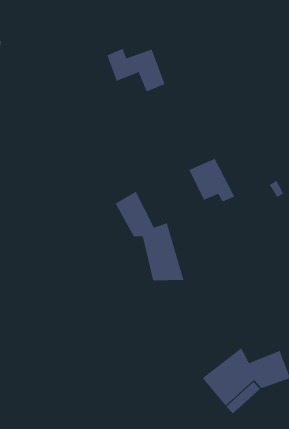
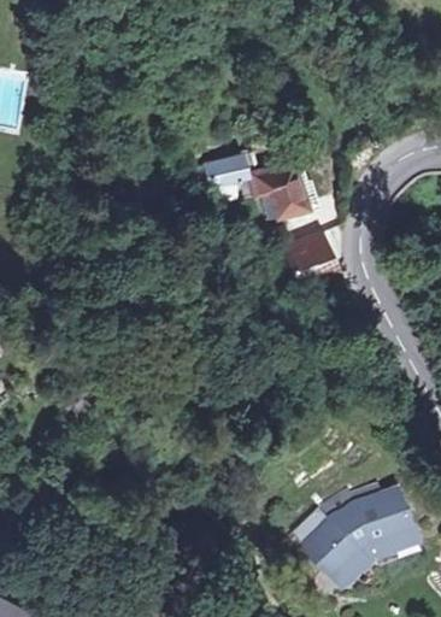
building: [107,48,166,92] -> [225,158,306,218]
building: [115,191,184,281] -> none

